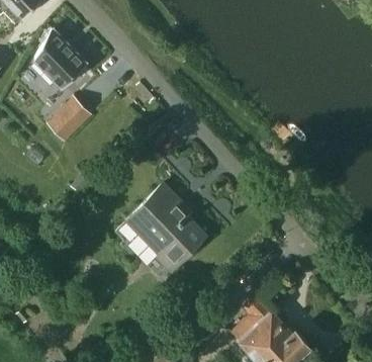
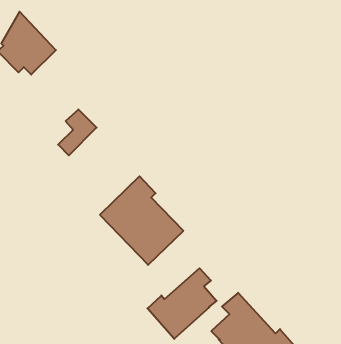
building: [54,97,90,141] -> [58,109,97,155]
building: none -> [147,268,217,339]

